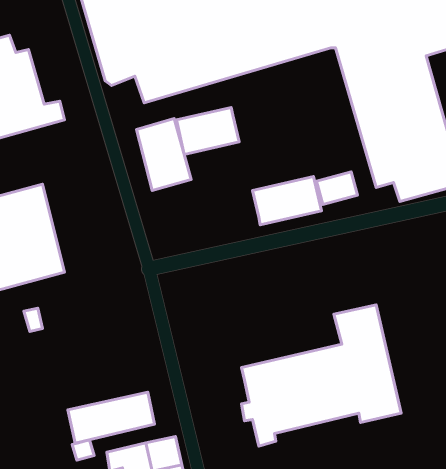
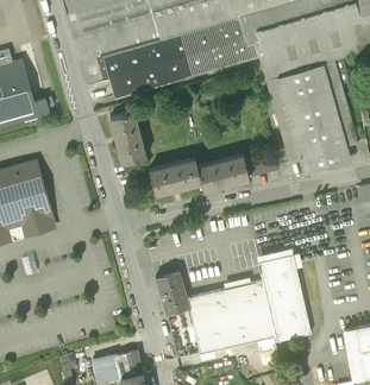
building: [176,107,239,154] -> [153,159,201,195]
building: none -> [157,272,190,315]
building: [68,392,155,443] -> none

